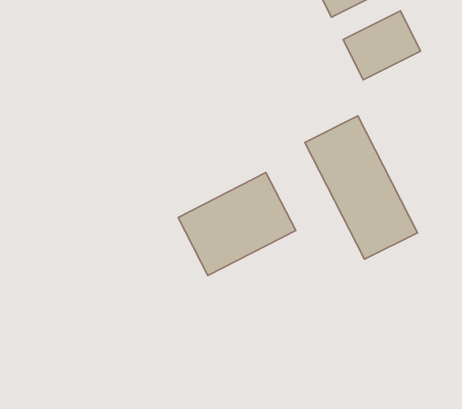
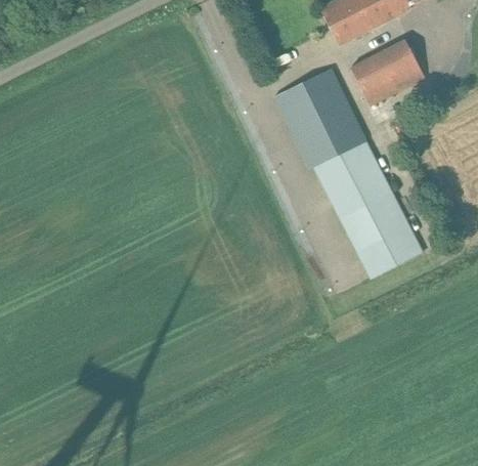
building: none -> [273,69,365,168]
building: [178,173,296,275] -> none

